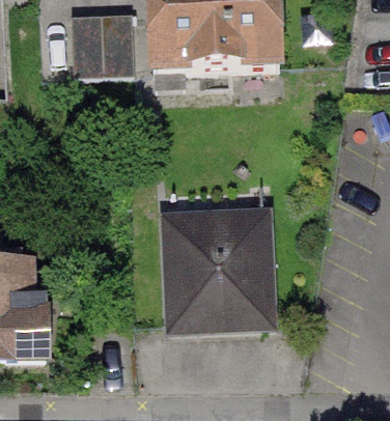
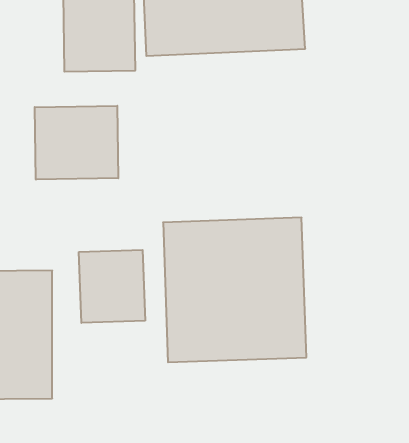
building: none -> [35,106,118,180]
building: none -> [79,250,145,323]

